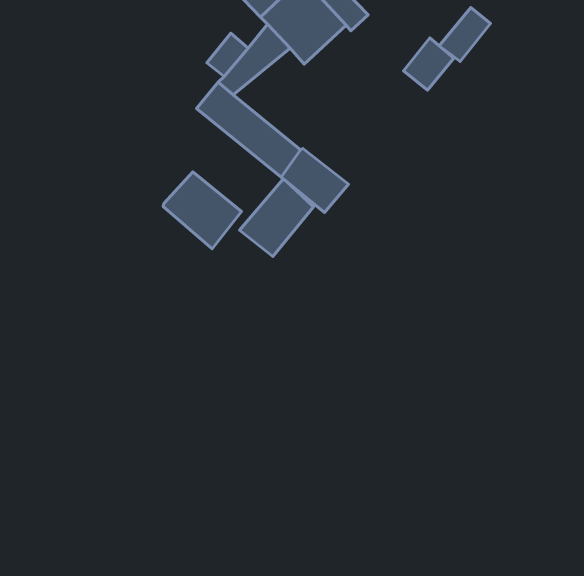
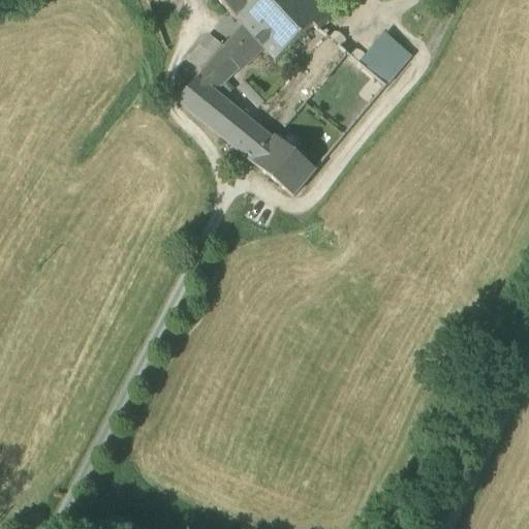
building: [439,8,491,62] -> none
building: [163,172,242,249] -> none
building: [240,180,313,257] -> none

